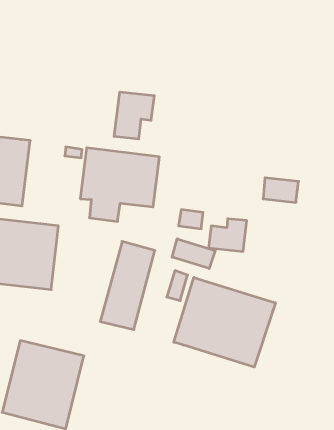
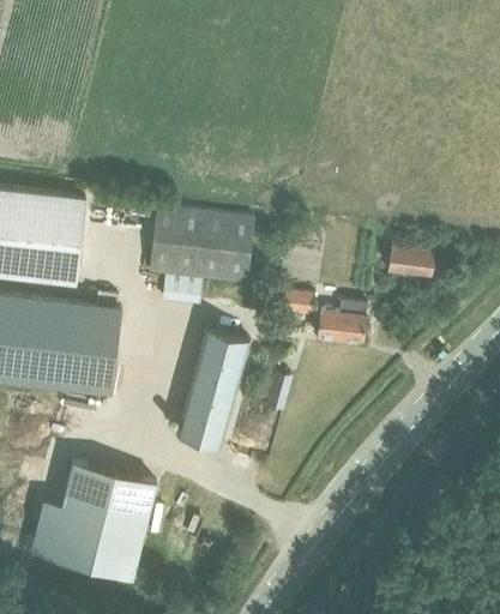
building: [114,92,154,139] -> none
building: [172,239,215,269] -> none
building: [174,277,275,367] -> none

